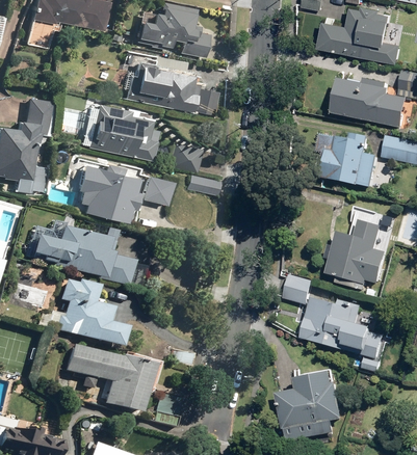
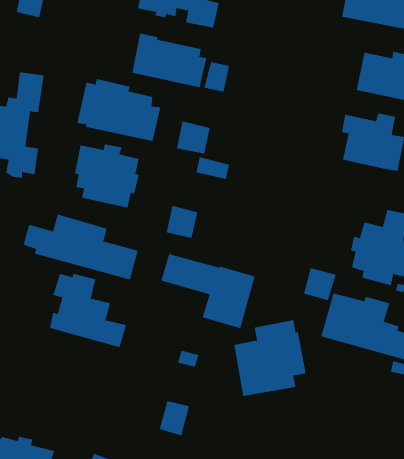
building: [140,173,170,204] -> [166,205,198,238]
building: [64,344,151,412] -> [161,253,256,329]
building: [278,371,344,440] -> [233,320,307,396]

